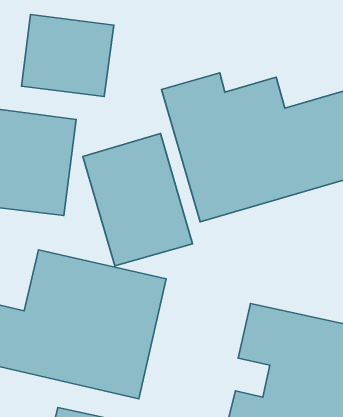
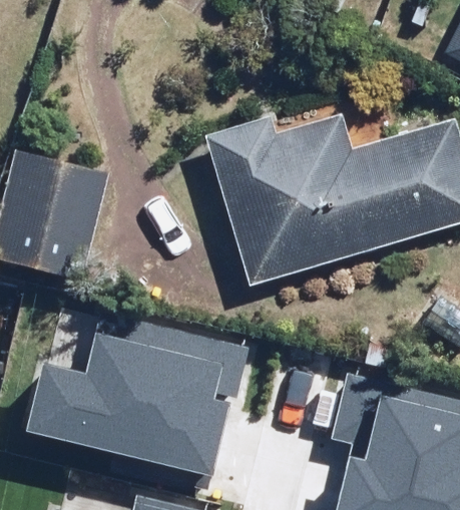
building: [21,14,114,97] -> none
building: [83,134,193,266] -> none

